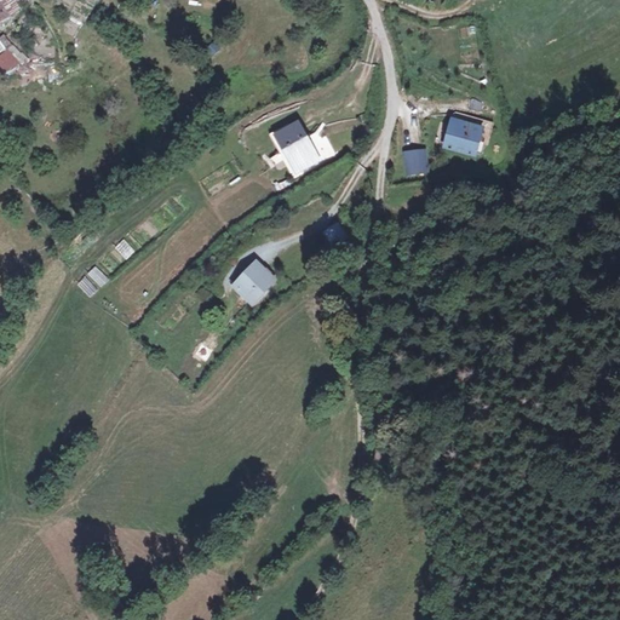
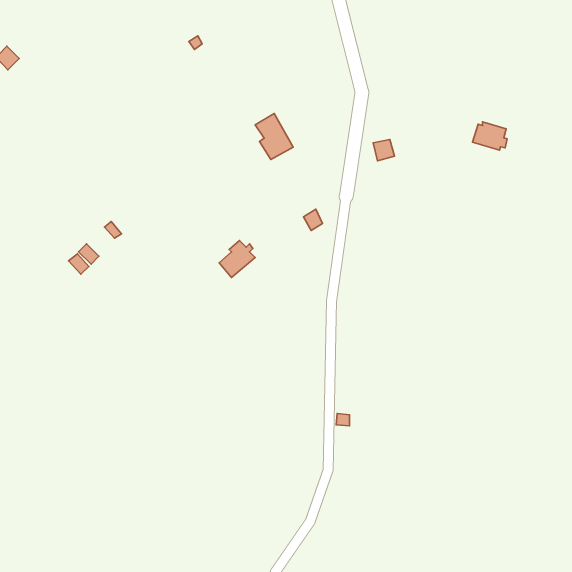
building: [443,117,481,148] -> [472,122,507,150]

